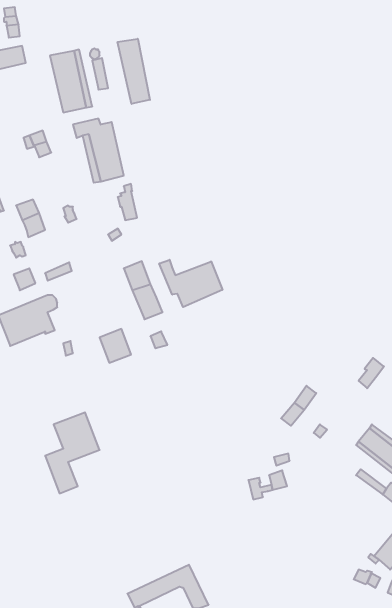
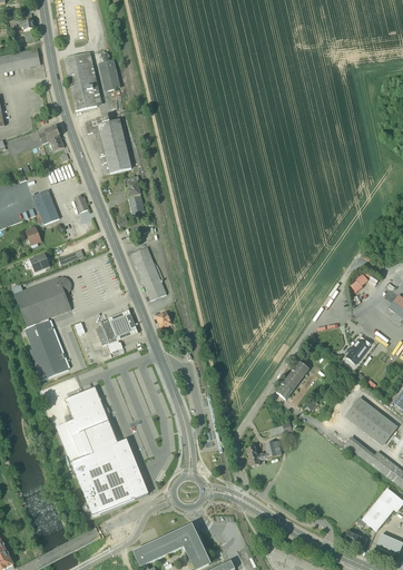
building: [118,39,150,104] -> none
building: [159,260,222,307] -> none
building: none -> [96,316,122,351]
building: none -> [26,320,69,379]
building: none -> [72,420,149,514]

